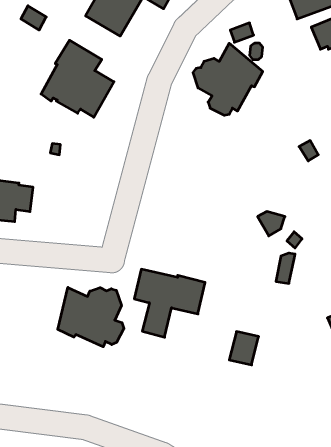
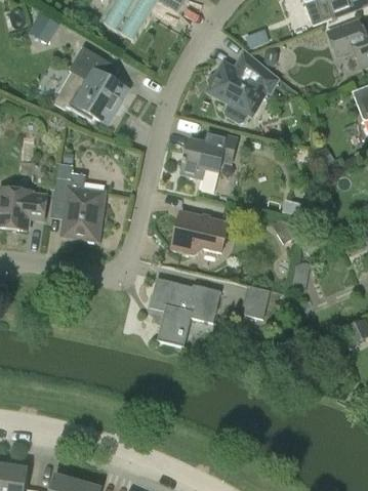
building: none -> [180,131,236,178]
building: none -> [50,177,104,241]
building: none -> [171,210,229,253]
building: [58,287,124,347] -> none
building: [229,332,259,365] -> [240,284,270,318]

